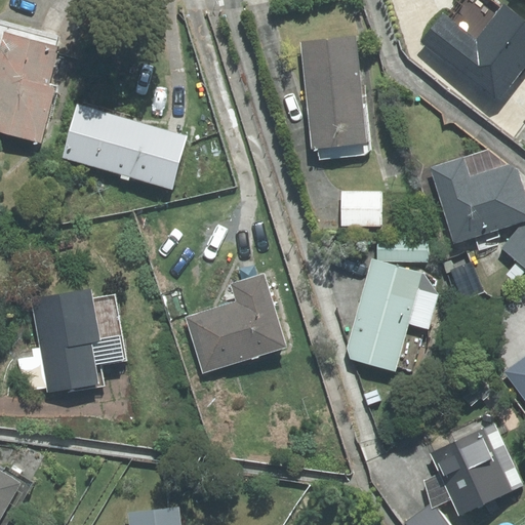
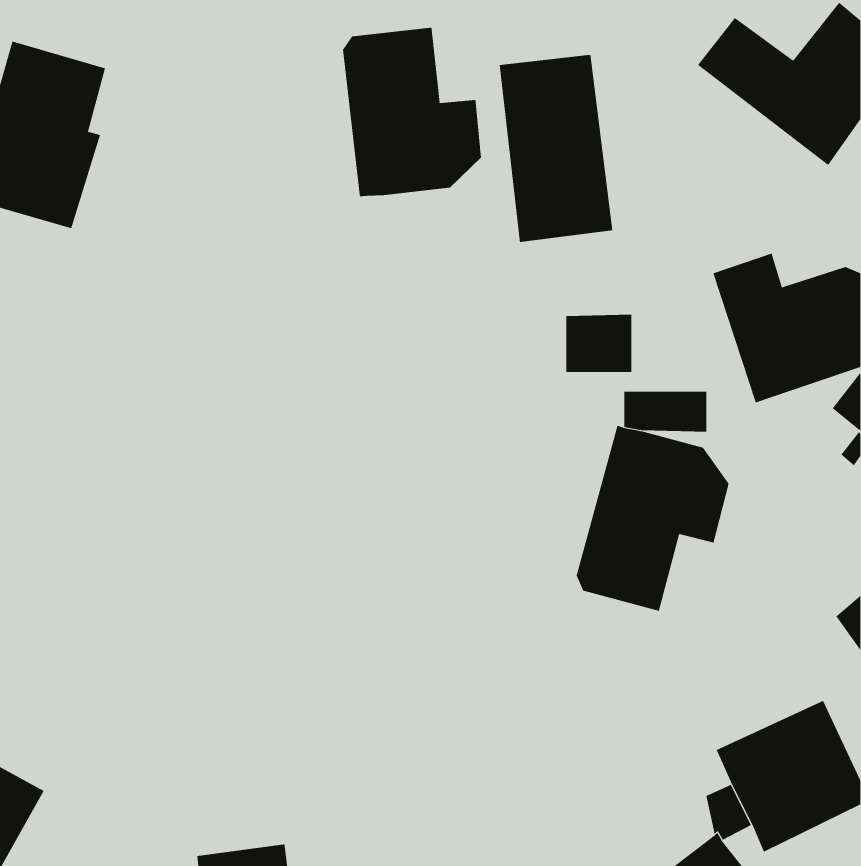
building: none -> [342,27,482,197]
building: [63,103,191,188] -> none
building: [186,272,291,372] -> none
building: [29,287,105,395] -> none

